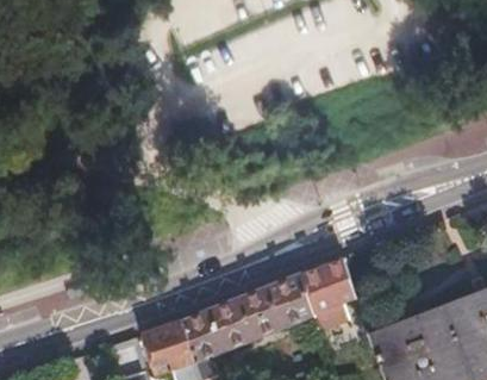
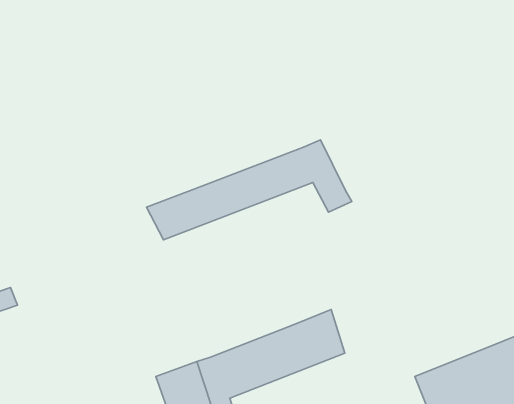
building: none -> [147,140,352,240]
building: [298,266,346,331] -> none

